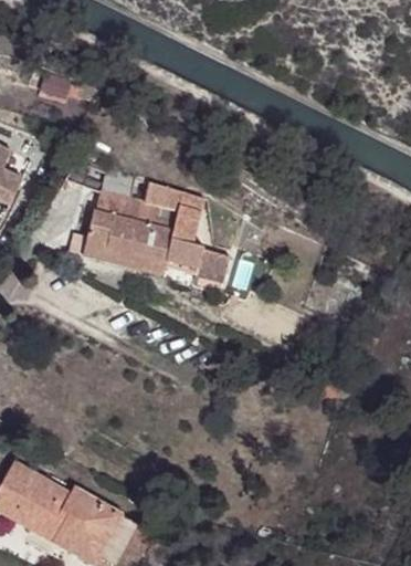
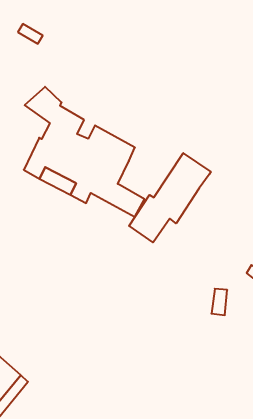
building: none -> [129,153,211,242]

